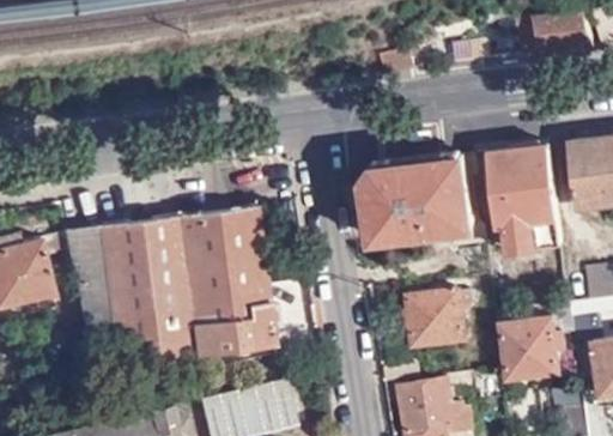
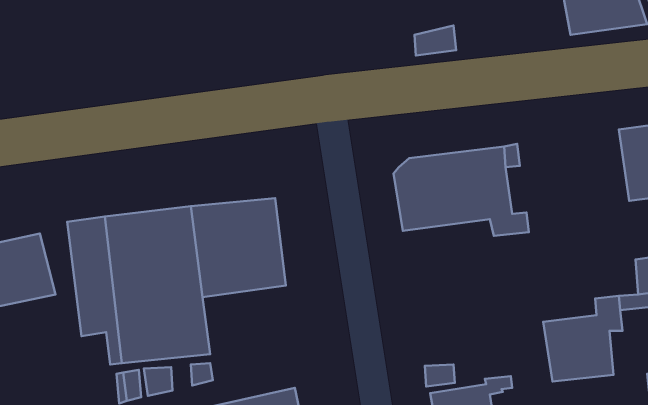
building: [492,147,559,247] -> none
building: [187,289,269,352] -> none
building: [405,290,471,346] -> none

